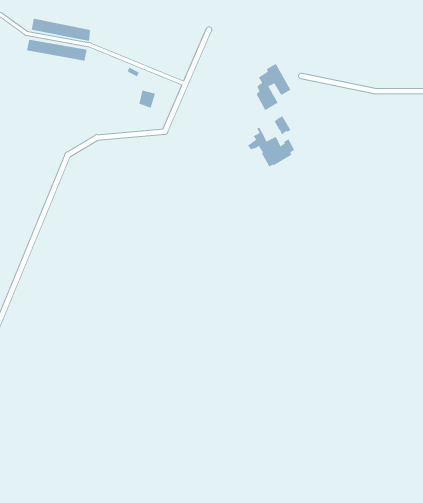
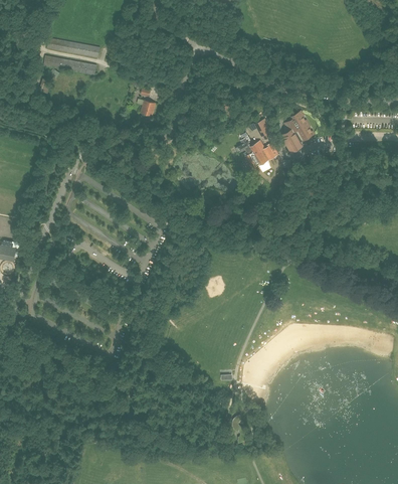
building: [255,63,291,111] -> [282,111,314,152]

